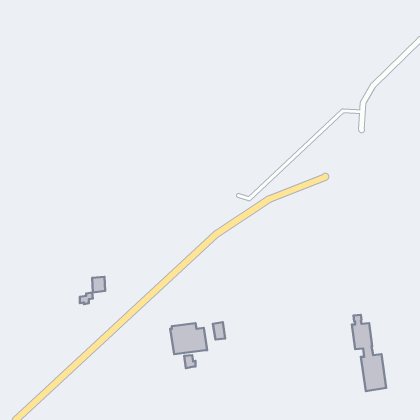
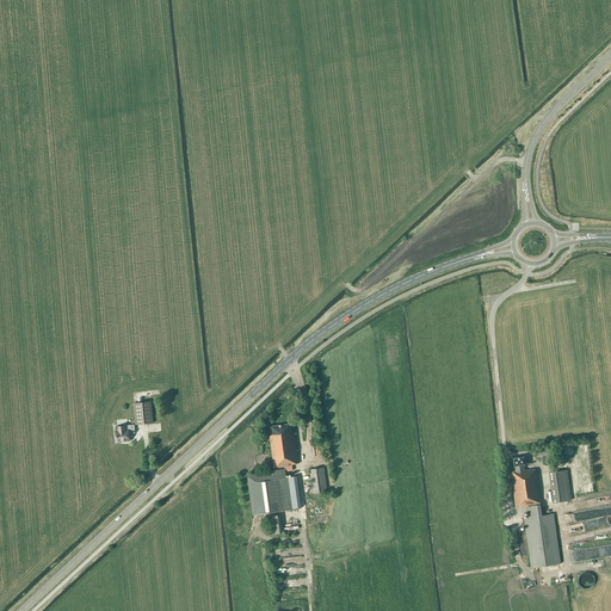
building: none -> [270,424,298,471]
building: none -> [549,470,572,504]

